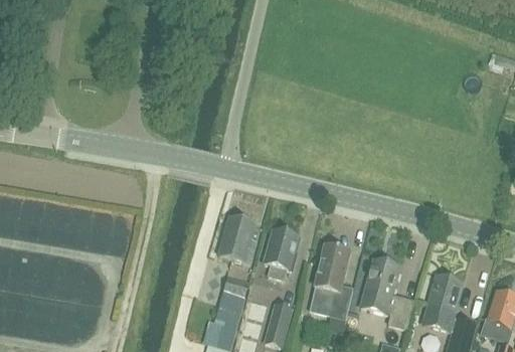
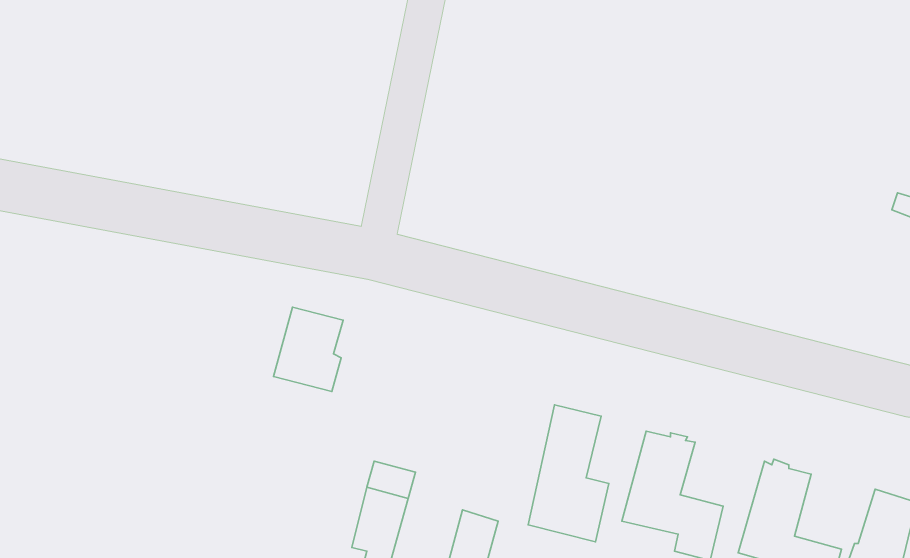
building: [217,216,254,261] -> [274,307,343,391]
building: [263,228,298,279] -> none

